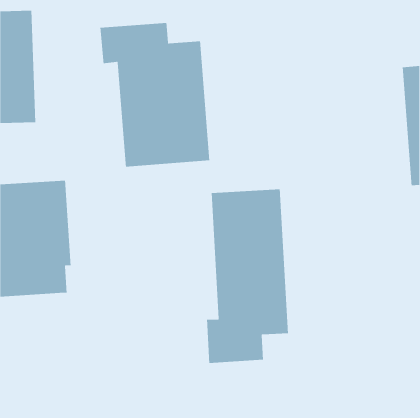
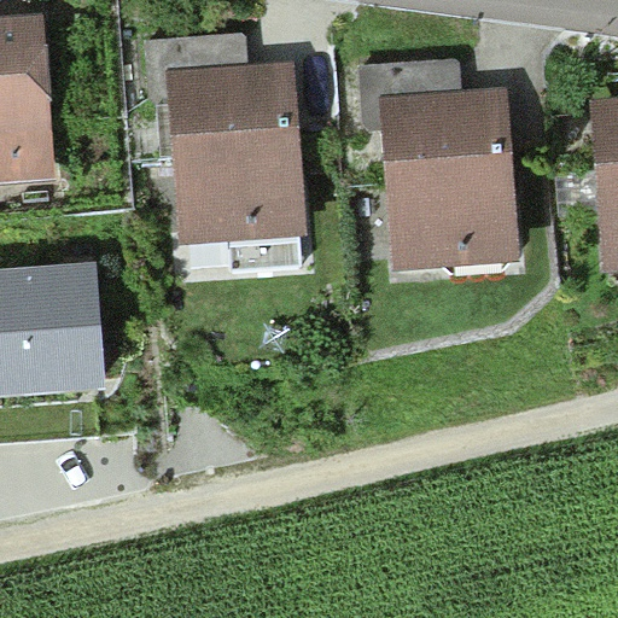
building: none -> [360,59,517,269]
building: [206,188,289,364] -> none

